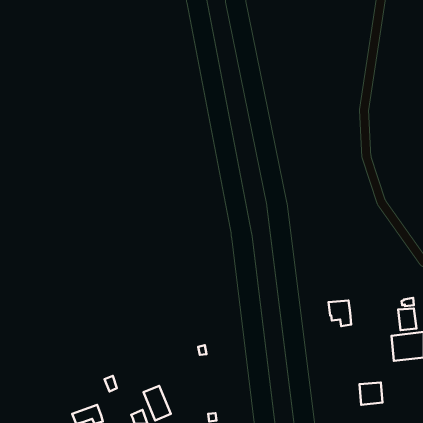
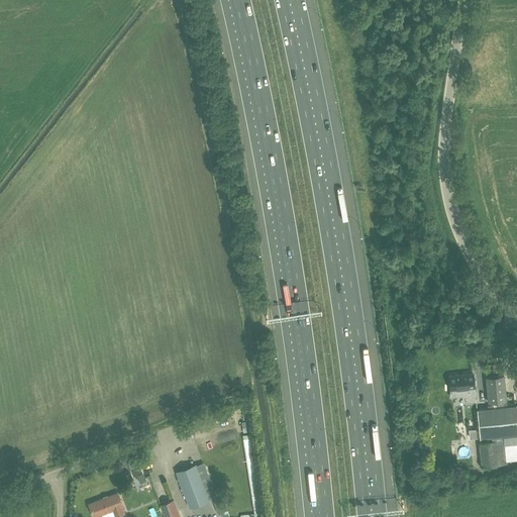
building: [329,300,351,326] -> [449,374,477,405]
building: [359,382,383,405] -> [480,440,508,468]

